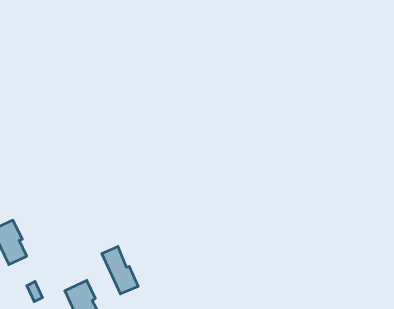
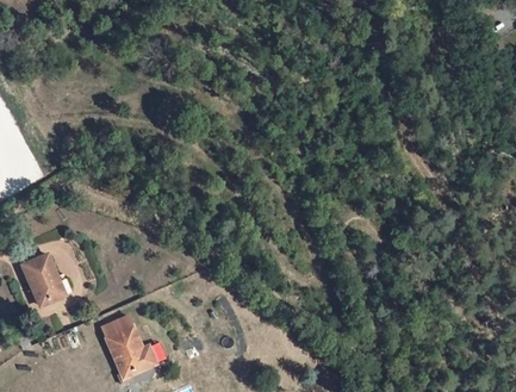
building: [102,246,138,294] -> none

